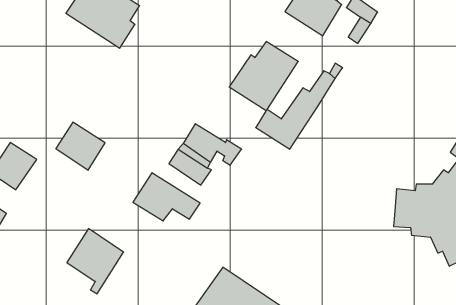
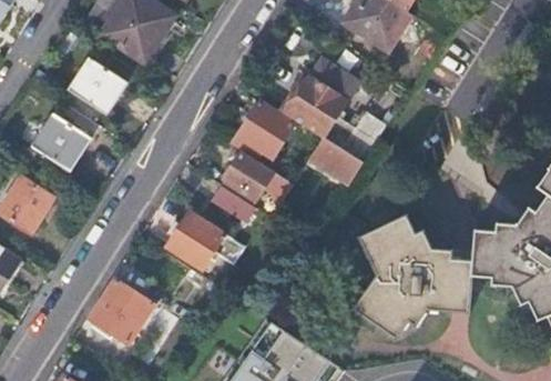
building: none -> [70,58,127,114]
building: none -> [231,100,299,183]
building: [56,122,105,170] -> [33,113,91,170]
building: none -> [349,215,472,338]

